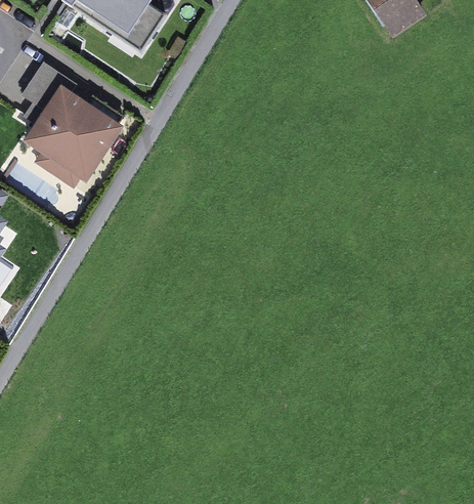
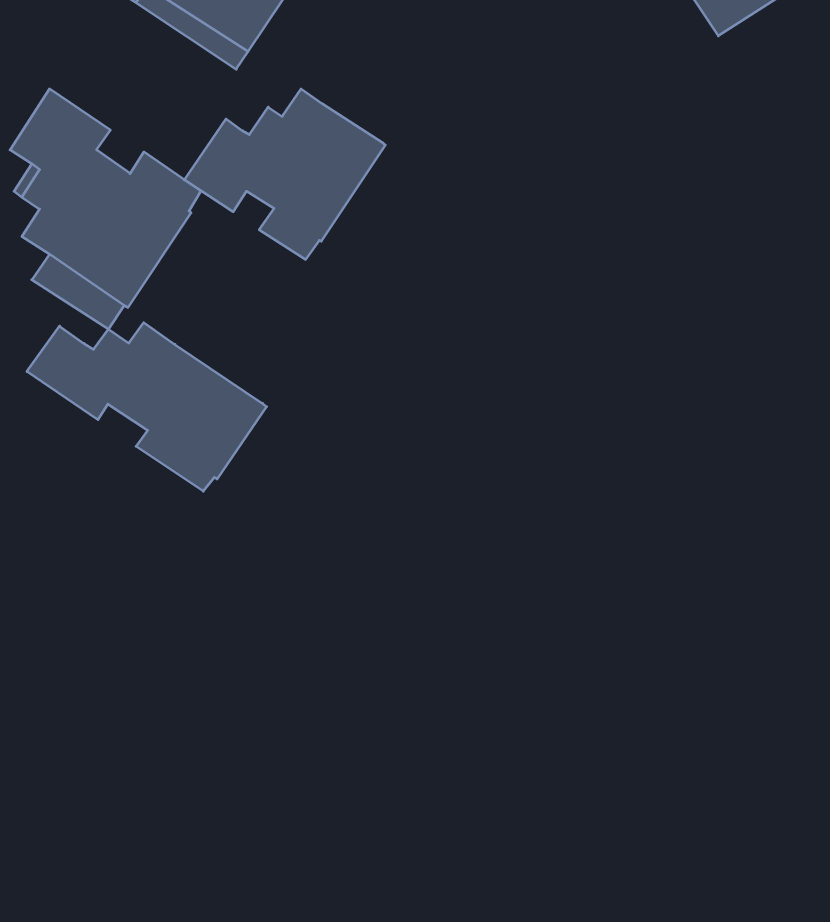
building: none -> [184,89,385,259]
building: none -> [27,323,267,491]

